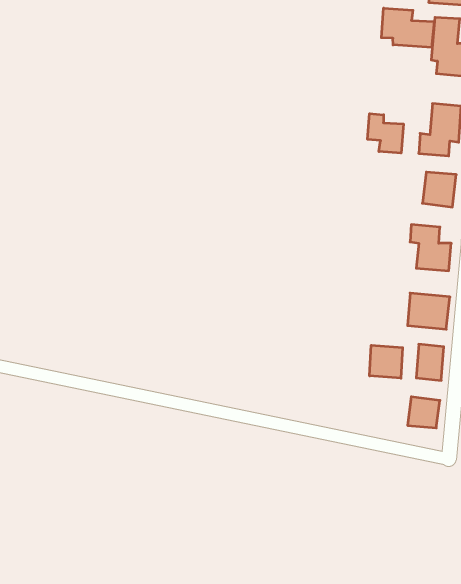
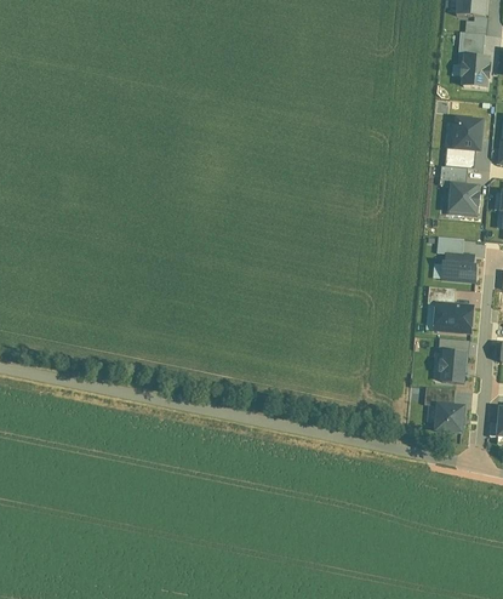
building: [381,8,434,47] -> none
building: [368,114,403,153] -> none
building: [370,345,403,378] -> none

